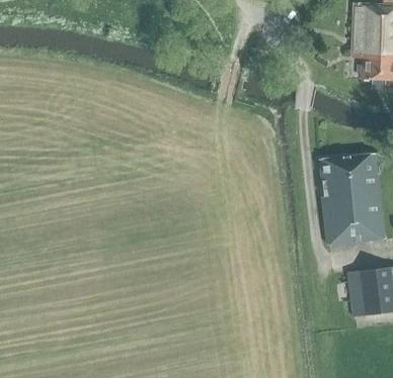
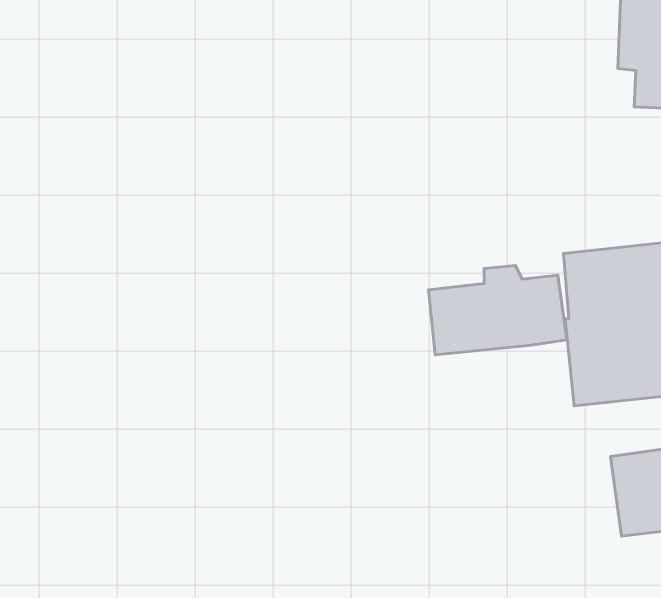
building: none -> [429,265,567,355]

